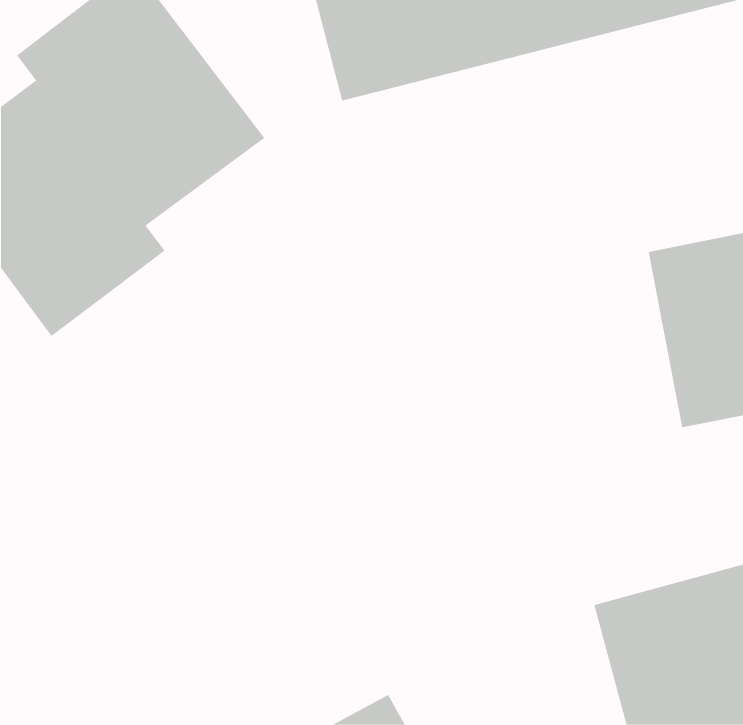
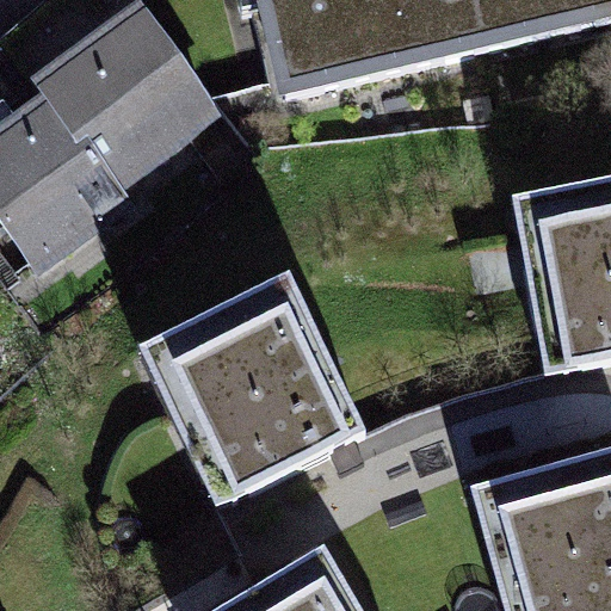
building: none -> [158,285,358,487]

